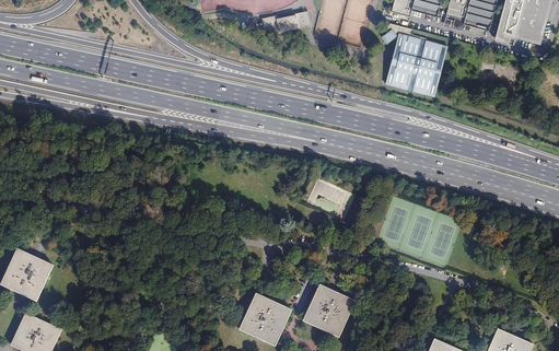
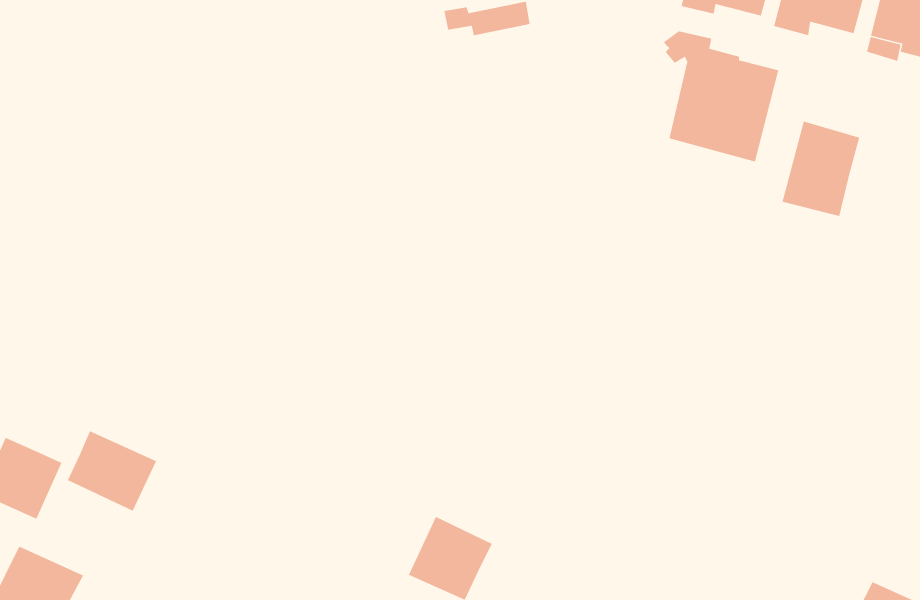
building: none -> [782,120,860,217]
building: none -> [67,430,157,512]
building: [306,286,352,332] -> none

